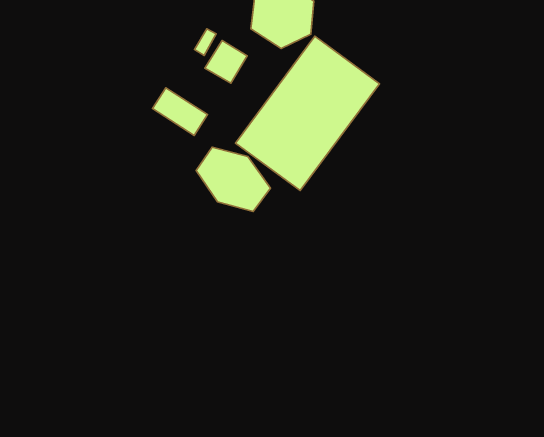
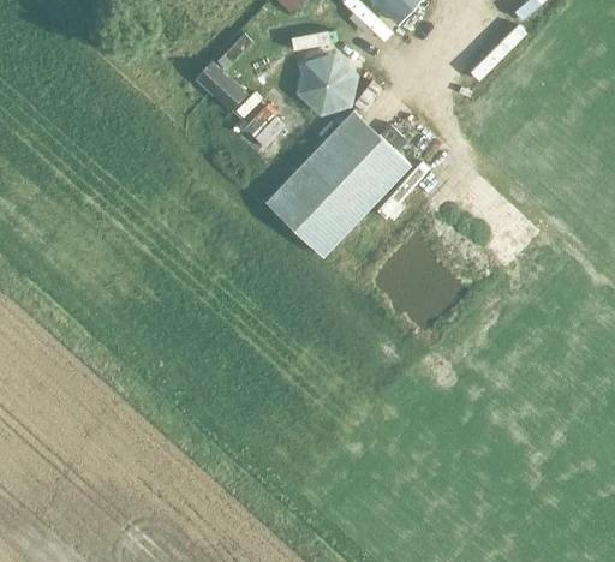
building: [152,88,207,135] -> [195,61,246,110]
building: [196,147,271,211] -> none

